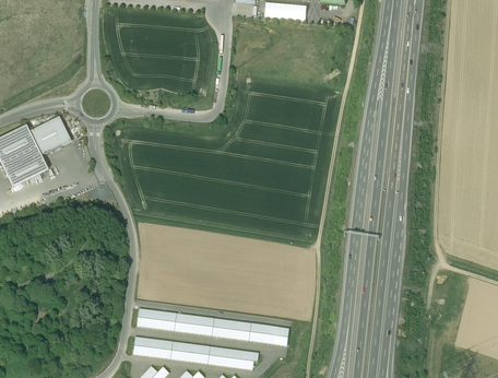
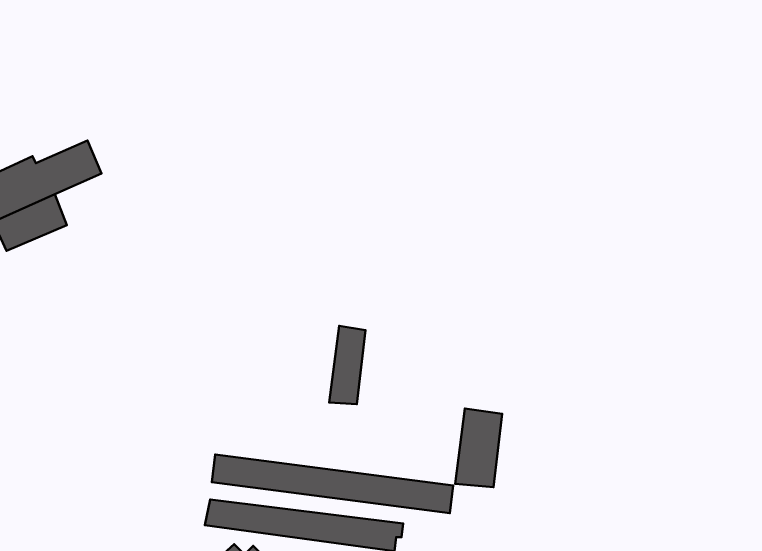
building: none -> [329,326,366,404]
building: none -> [455,408,502,487]

